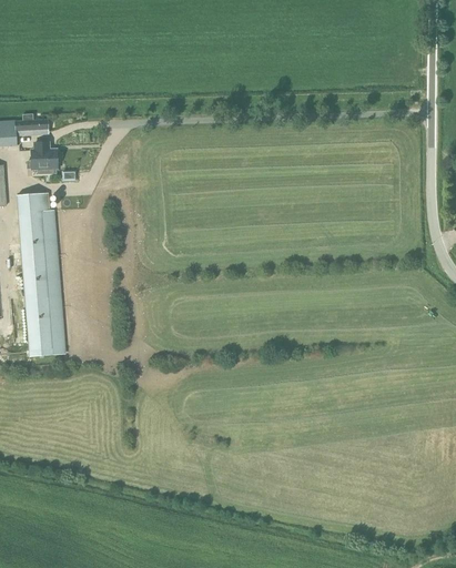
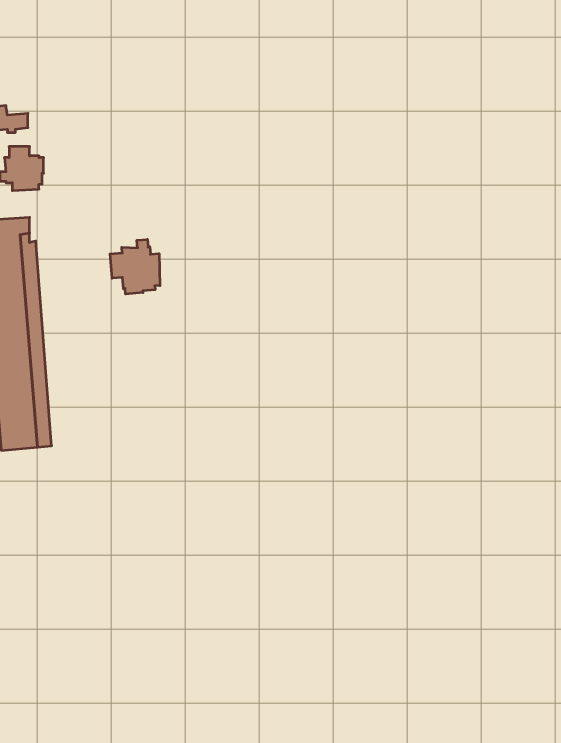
building: none -> [110,239,160,294]

